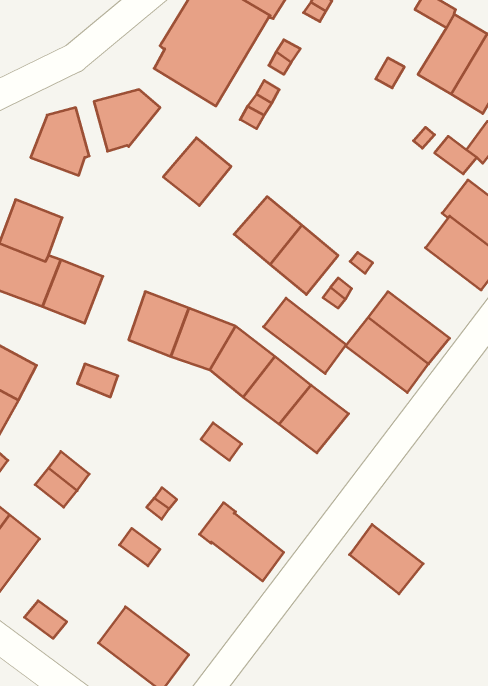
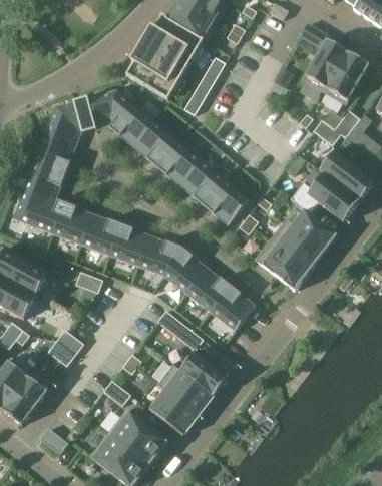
building: none -> [109,100,154,146]
building: none -> [34,133,76,173]
building: none -> [156,139,202,184]
building: none -> [80,212,120,255]
building: [263,298,346,374] -> [282,203,337,254]
building: [349,524,423,594] -> [179,350,229,396]
building: none -> [149,389,199,435]
building: none -> [107,408,167,464]

